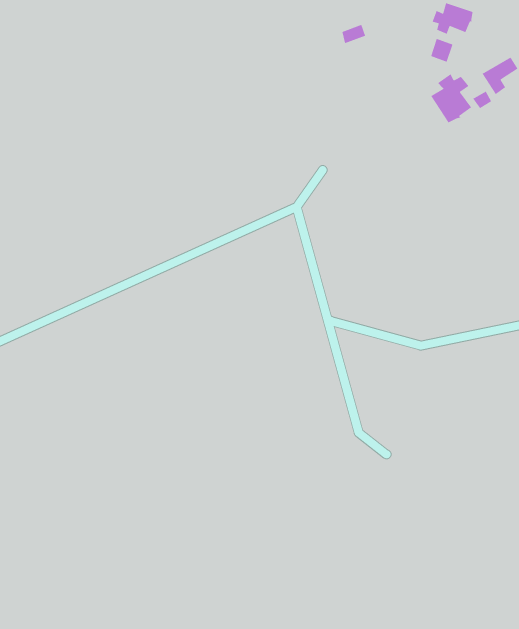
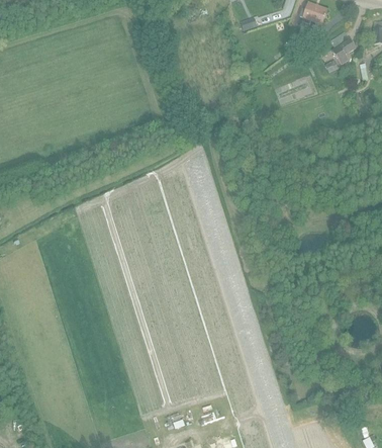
building: [430,73,472,123] -> none

